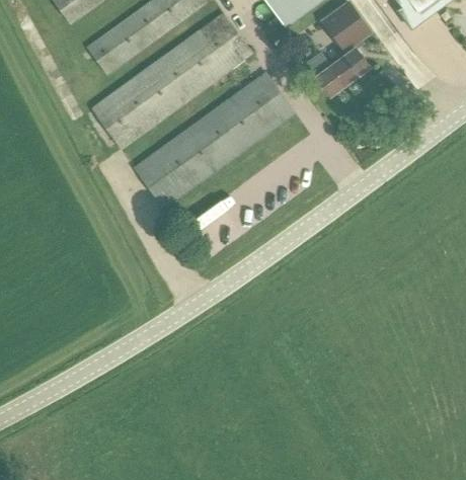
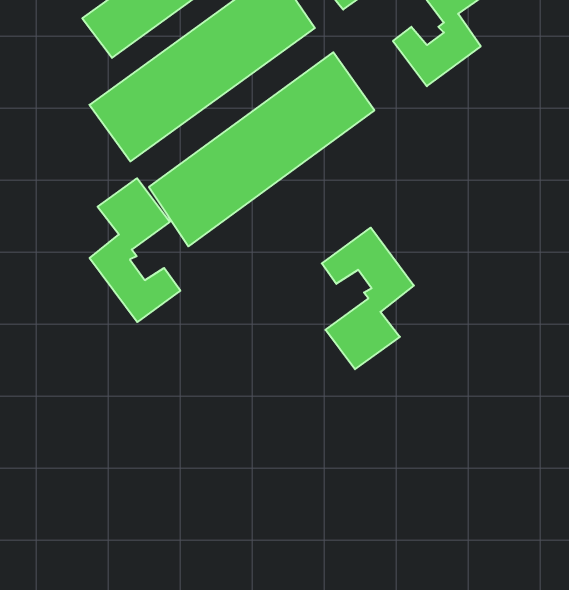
building: none -> [90,178,180,322]
building: none -> [322,228,414,369]

